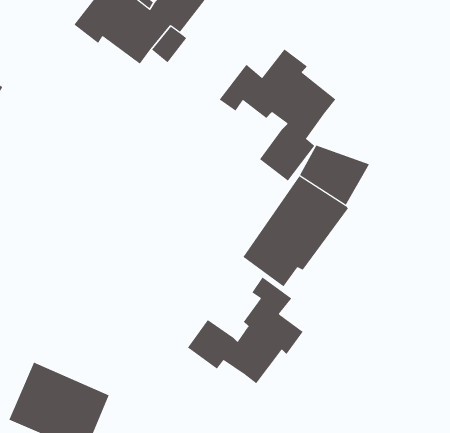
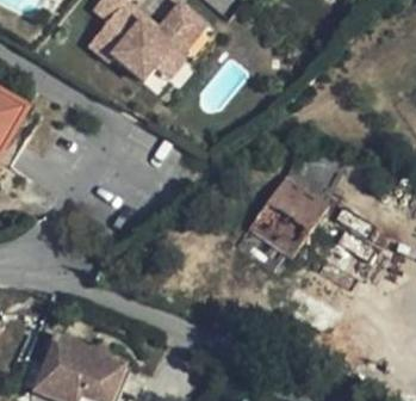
building: [219,48,336,181] -> none
building: [187,277,303,384] -> none

